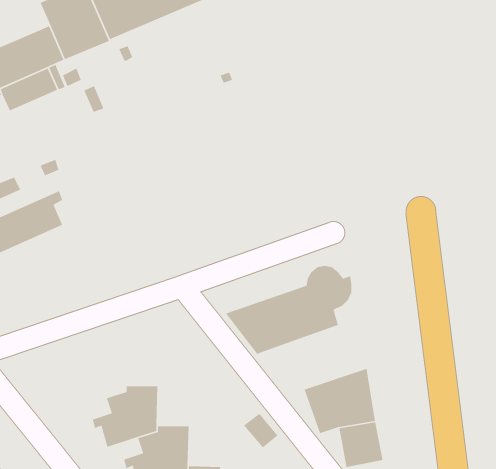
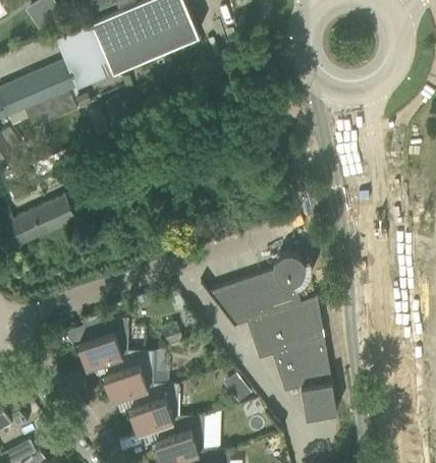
building: none -> [247,296,324,359]
building: none -> [74,313,128,370]

